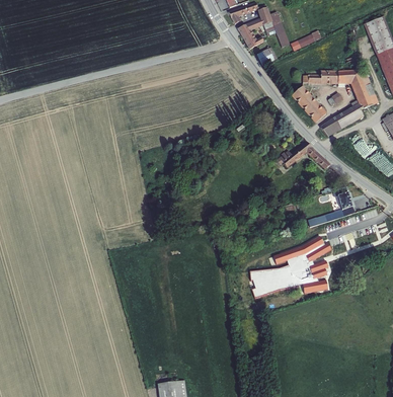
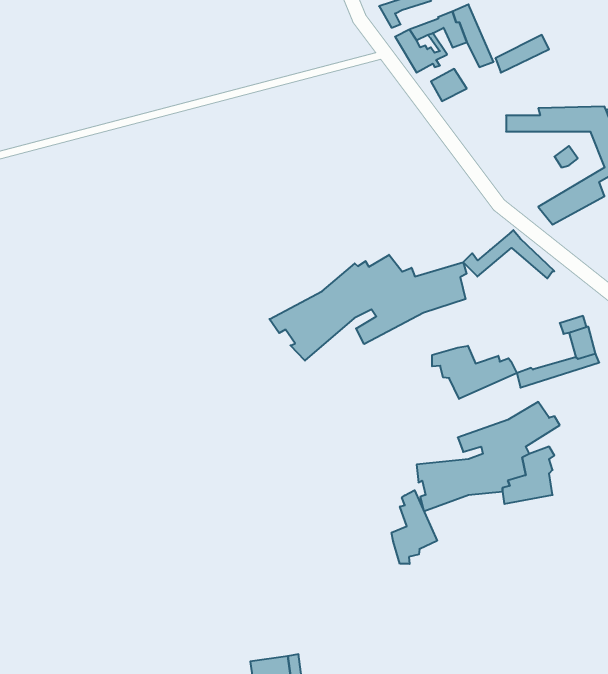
building: [292,85,326,122] -> none
building: none -> [269,255,467,361]
building: none -> [432,346,517,399]
building: none -> [392,490,437,564]

